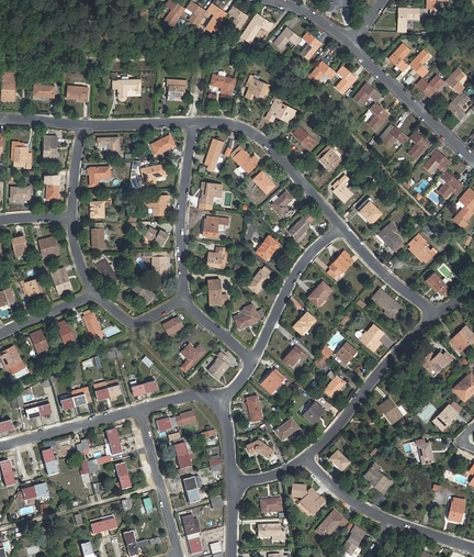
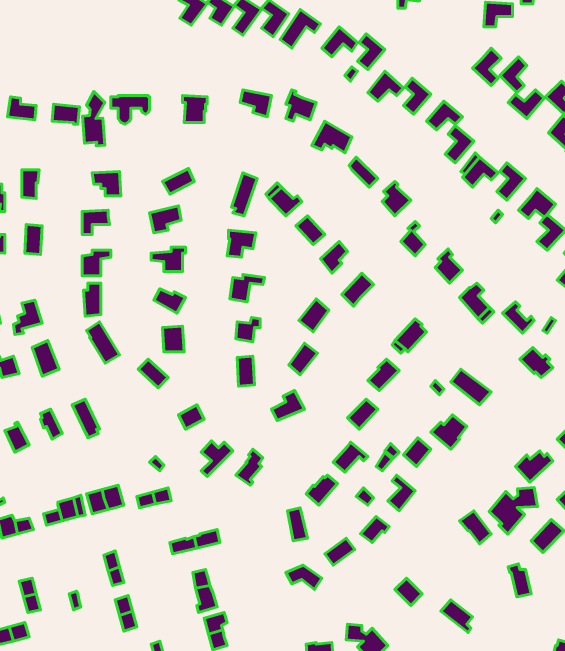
building: none -> [83,91,105,146]
building: none -> [489,488,537,534]

